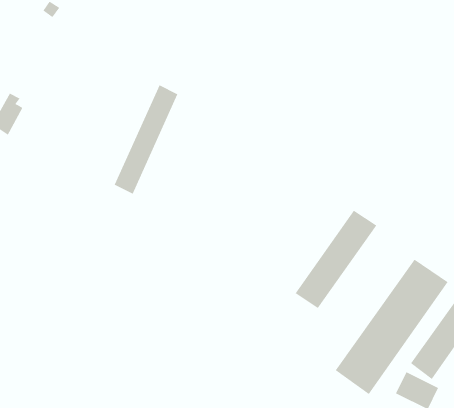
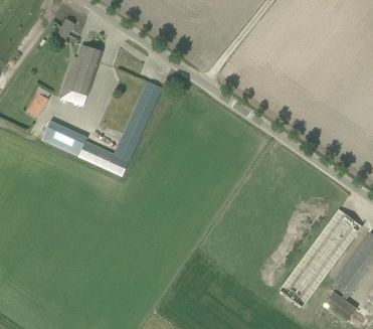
building: none -> [60,46,102,105]
building: none -> [42,121,129,176]
building: [295,210,377,309] -> none

